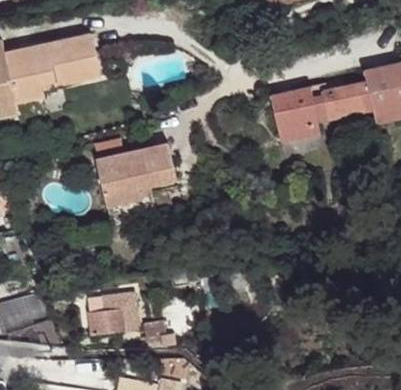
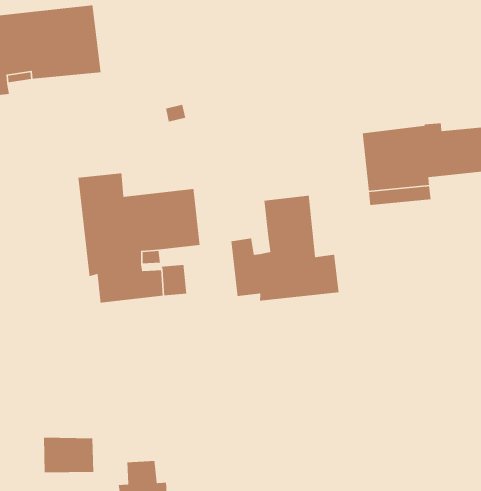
building: none -> [231,195,339,302]
building: [87,292,138,331] -> none

